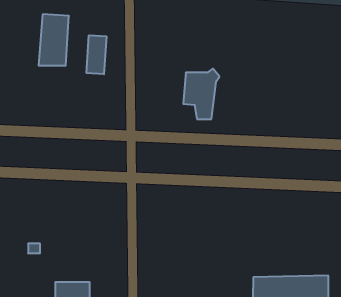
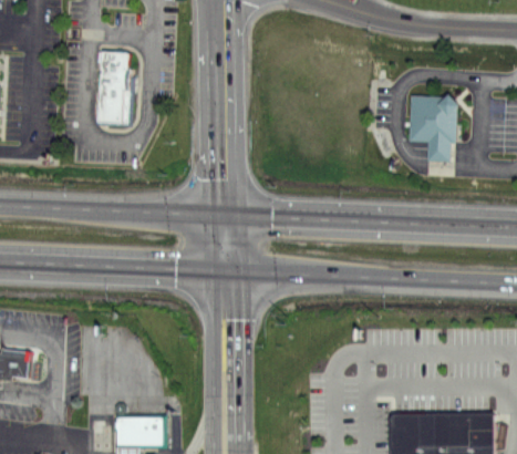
building: [87,35,106,74] -> none
building: [183,69,219,119] -> [409,92,458,162]

